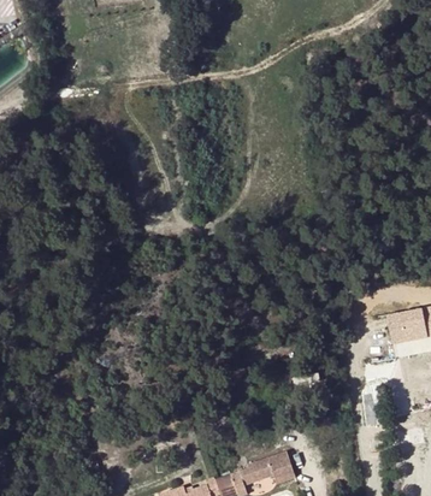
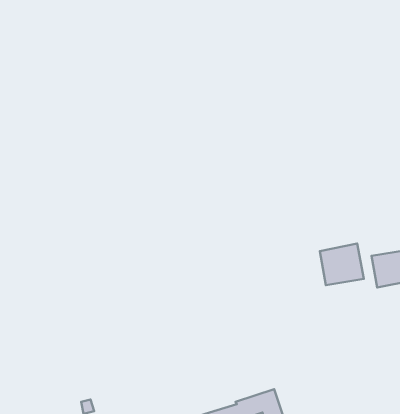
building: none -> [320,244,364,285]

